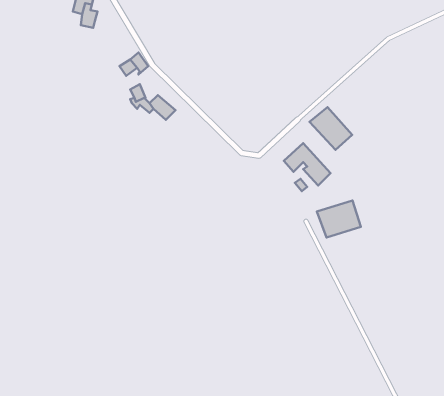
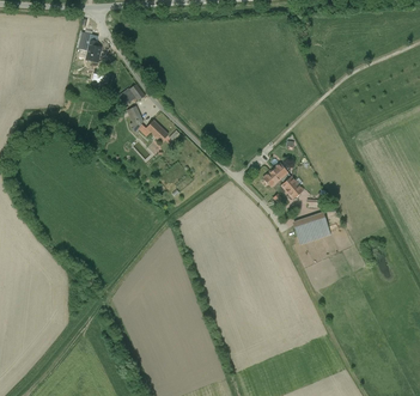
building: [310,107,352,150] -> none

